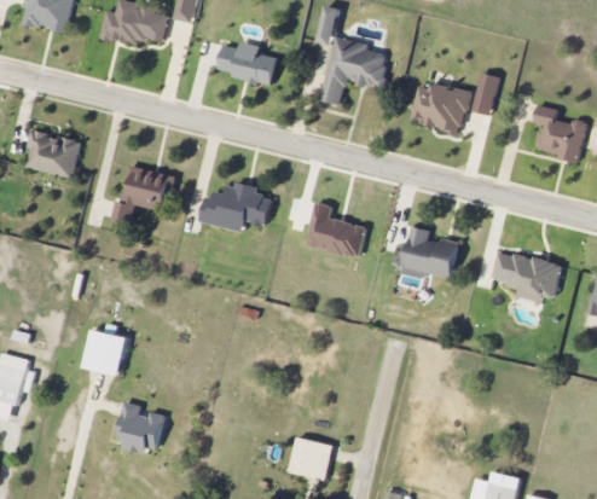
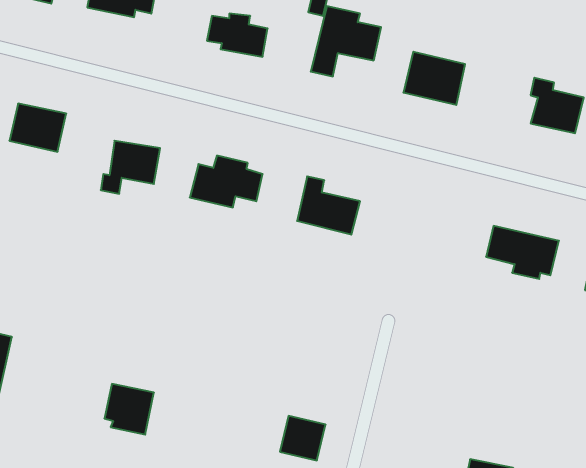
building: [474,72,498,114] -> none
building: [401,226,458,278] -> none
building: [83,329,128,375] -> none

